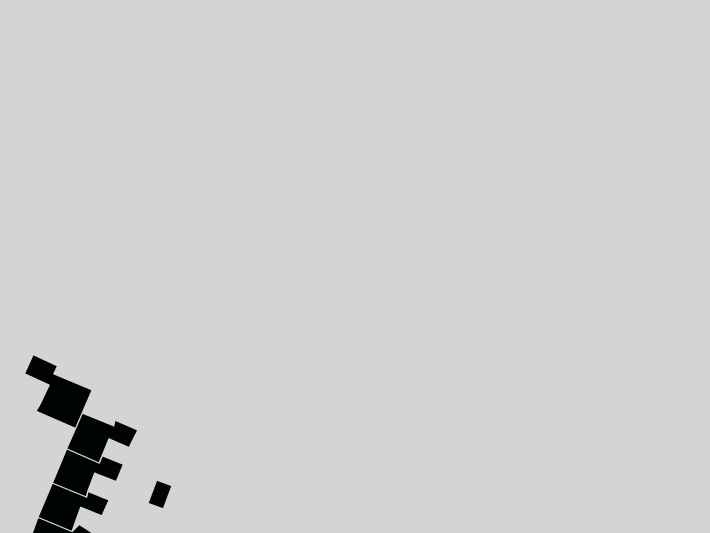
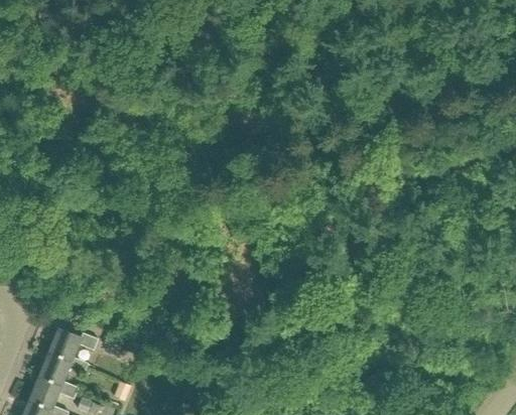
building: [25,355,92,428] -> none

